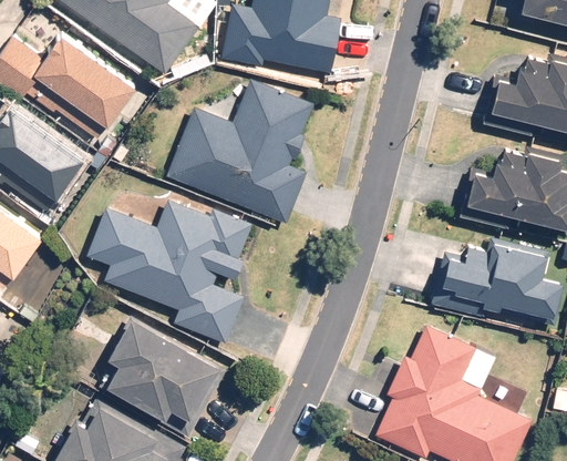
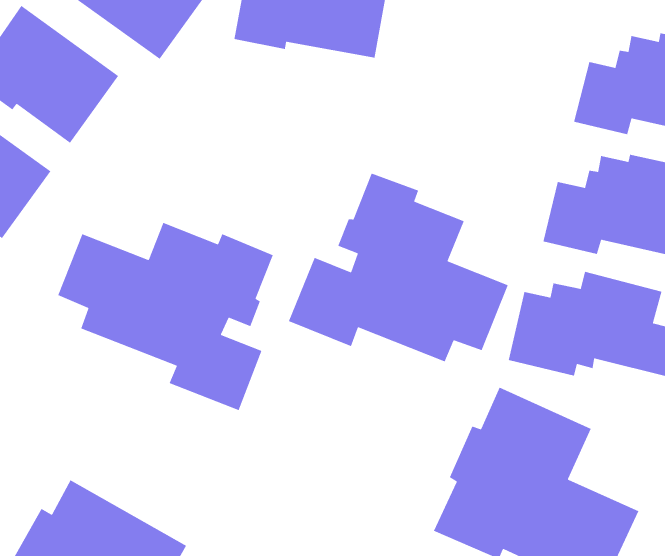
building: [166,79,315,225] -> none
building: none -> [288,172,509,362]
building: [100,316,226,419] -> none

